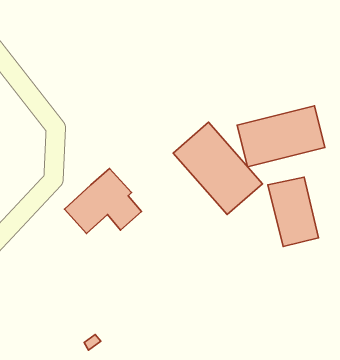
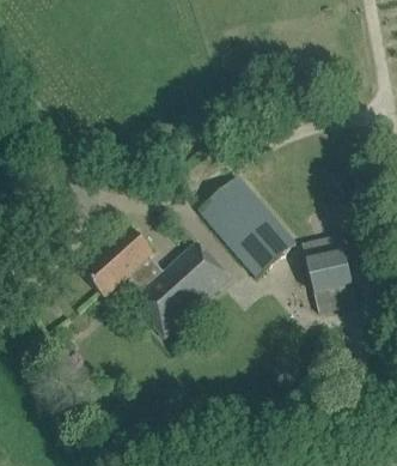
building: [237,106,325,167] -> none
building: none -> [140,243,220,337]

